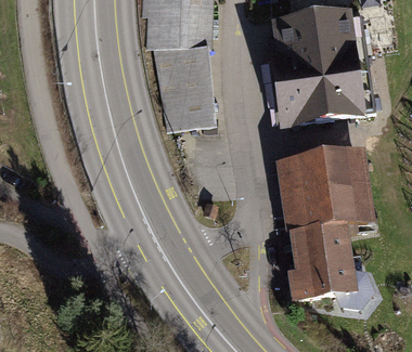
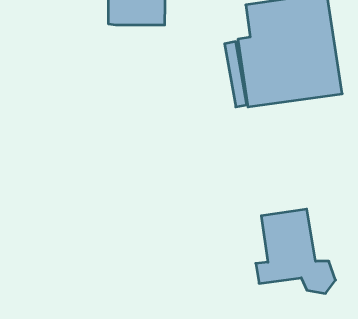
building: [155,43,216,128] -> none
building: [288,155,366,230] -> none

